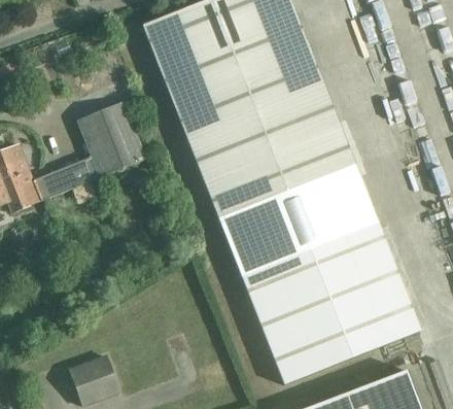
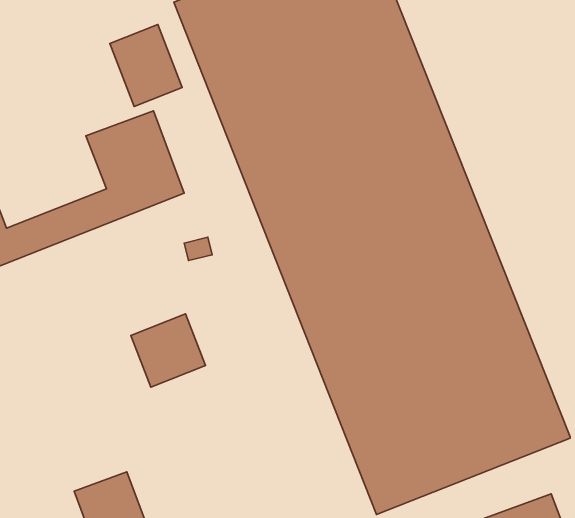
building: none -> [110,25,182,106]
building: none -> [131,314,206,387]

